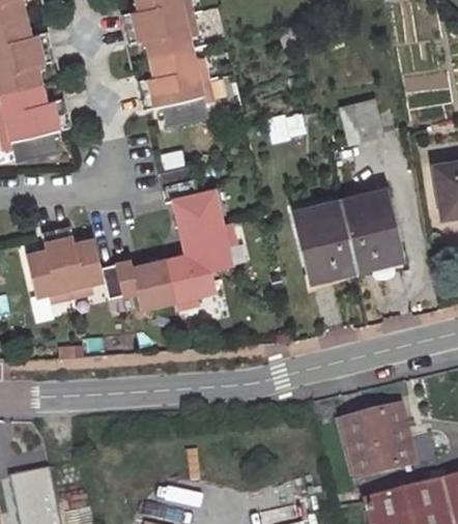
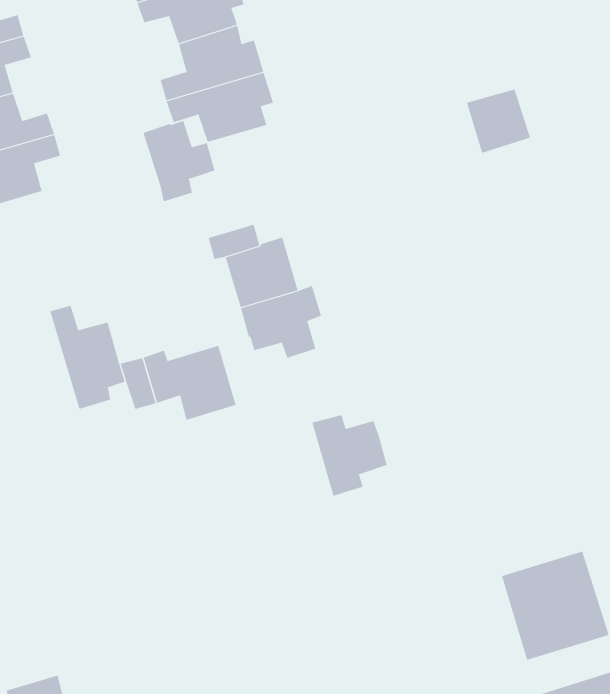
building: none -> [143,120,215,202]
building: [293,191,401,283] -> none
building: [27,230,71,301] -> none
building: [167,255,216,309] -> [311,415,387,496]

